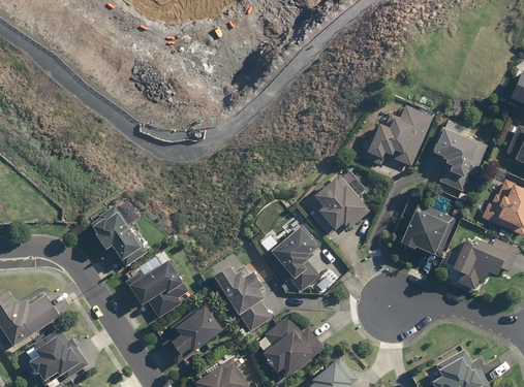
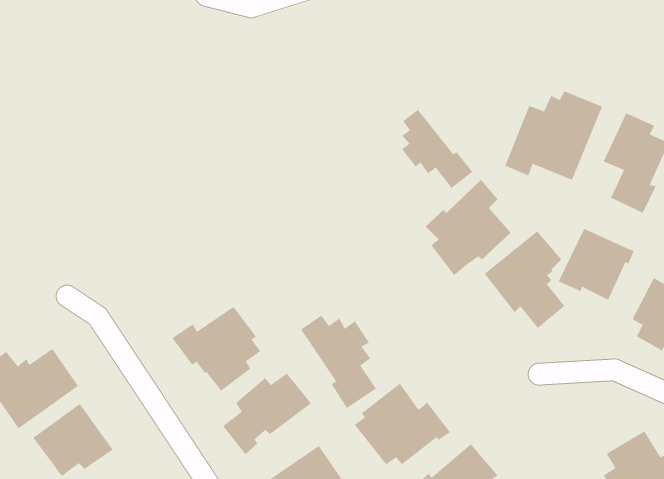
building: none -> [401,109,473,189]
building: [89,205,144,260] -> none
building: [263,224,320,294] -> [484,231,565,329]

